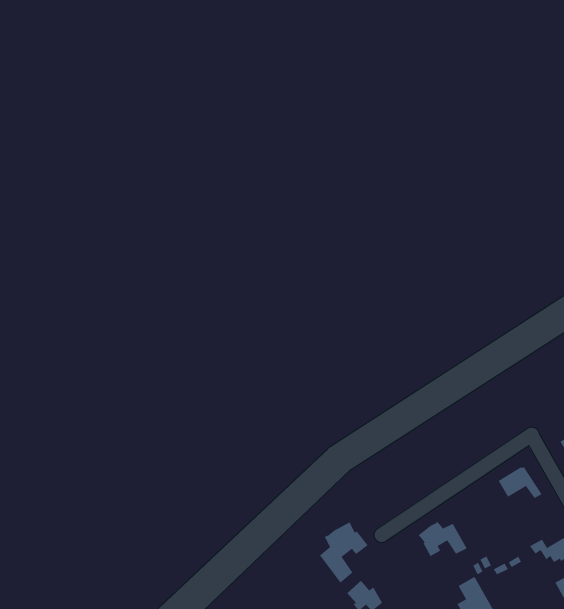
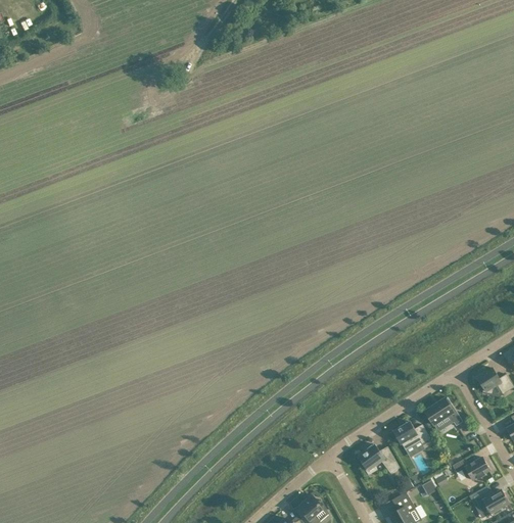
building: none -> [392,422,429,449]
building: [319,521,368,584] -> none

